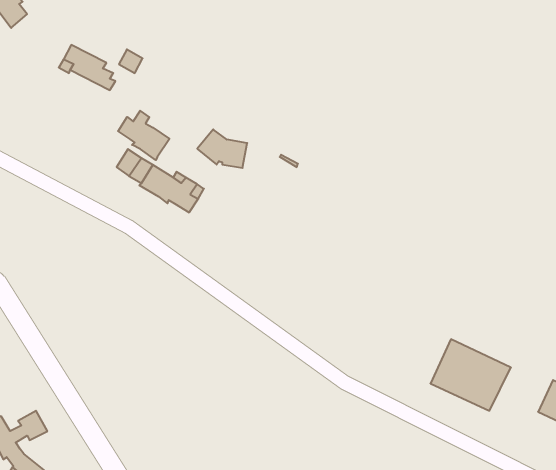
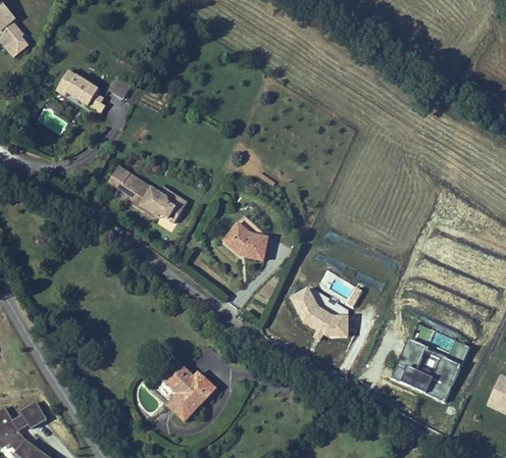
building: [118,111,169,160] -> none
building: [197,129,247,168] -> [224,223,269,258]
building: none -> [291,285,349,334]
building: none -> [159,360,216,423]

